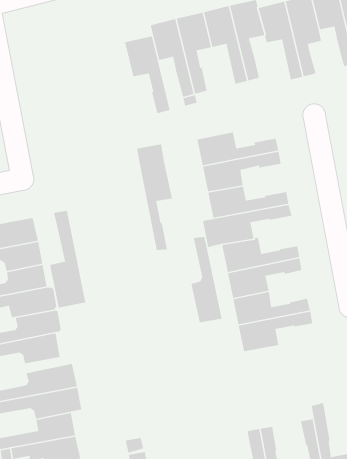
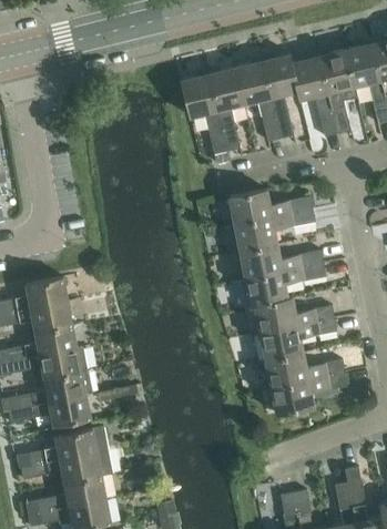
building: [124,36,171,114] -> none
building: [136,144,173,251] -> none
building: [49,210,86,308] -> none
building: [191,236,222,323] -> none

